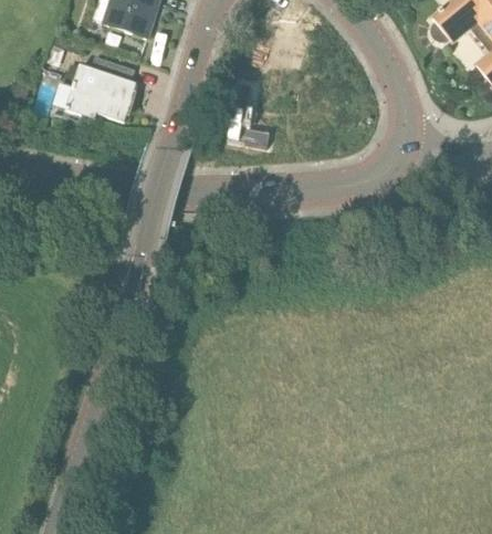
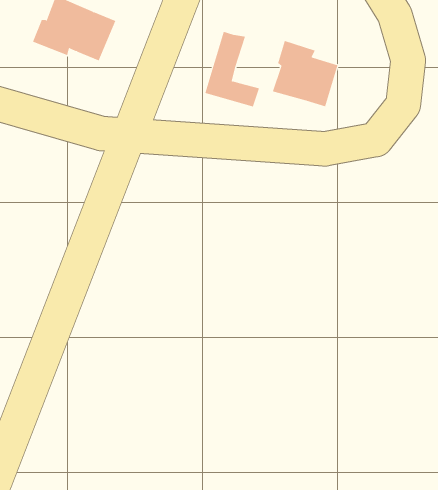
building: none -> [272,40,338,107]

